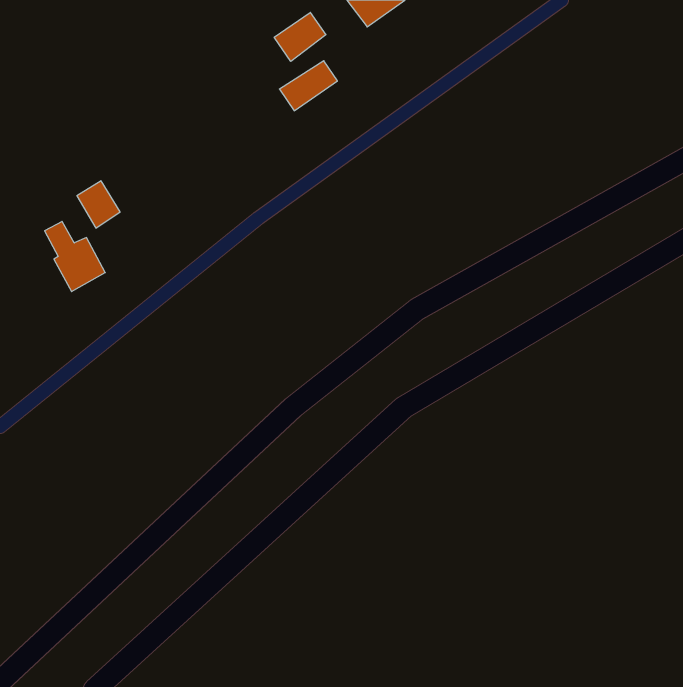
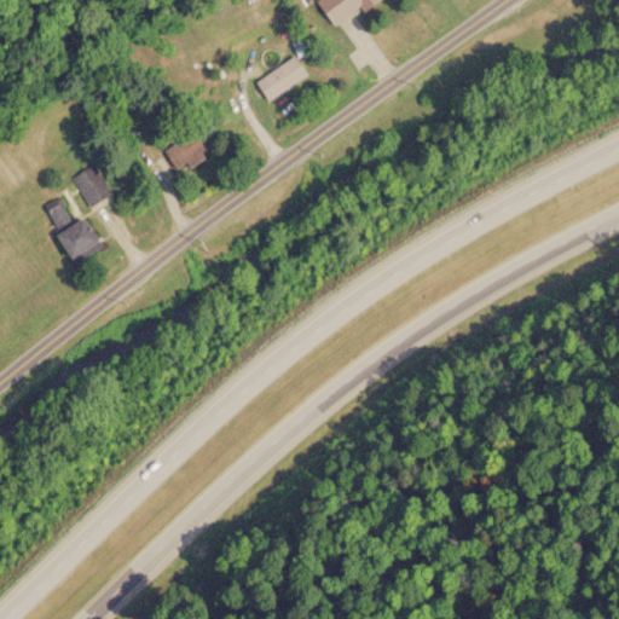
building: [274,12,326,61] -> none
building: none -> [164,132,212,174]

